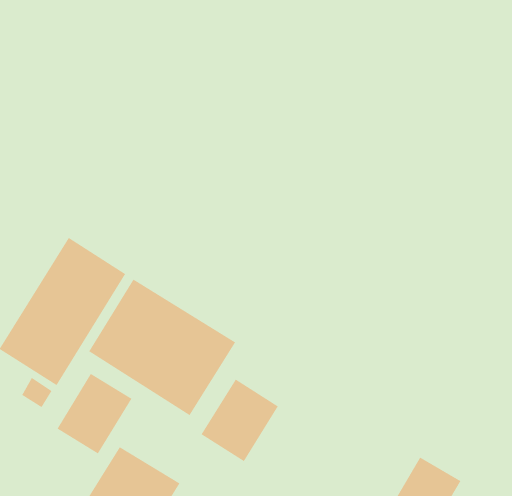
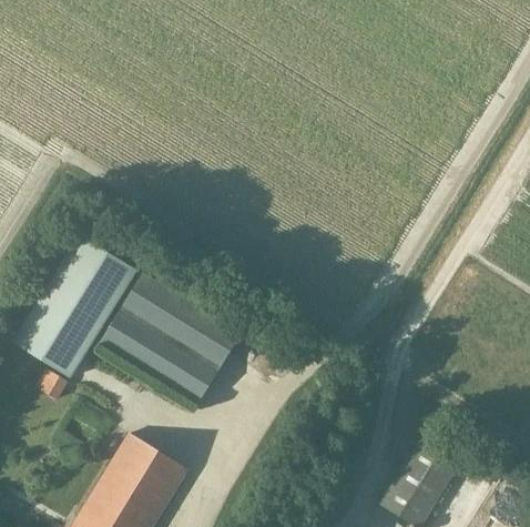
building: [56,373,132,455] -> none
building: [201,379,279,462] -> none

